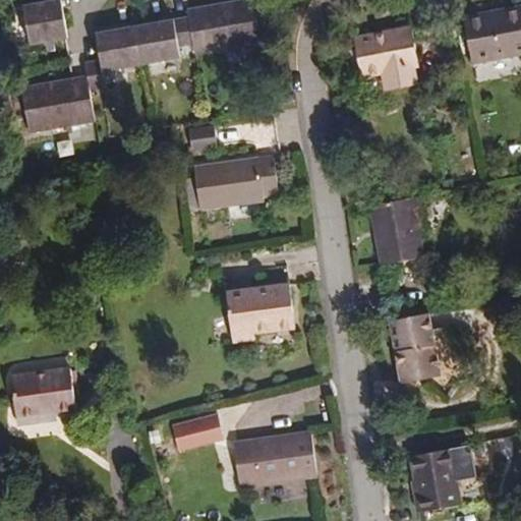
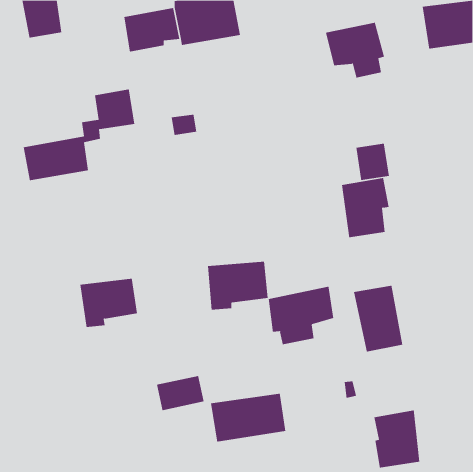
building: [18,21,141,122] -> [23,89,135,181]
building: none -> [356,143,389,181]
building: [194,160,277,210] -> none
building: none -> [268,286,334,345]
building: [11,370,75,424] -> [79,278,138,327]

